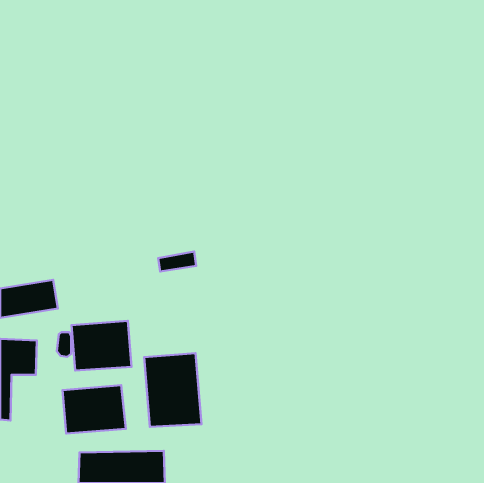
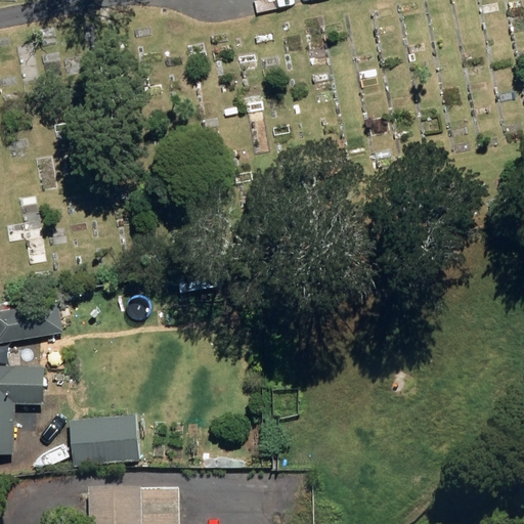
building: [72,321,132,370] -> none
building: [144,353,201,427] -> none

